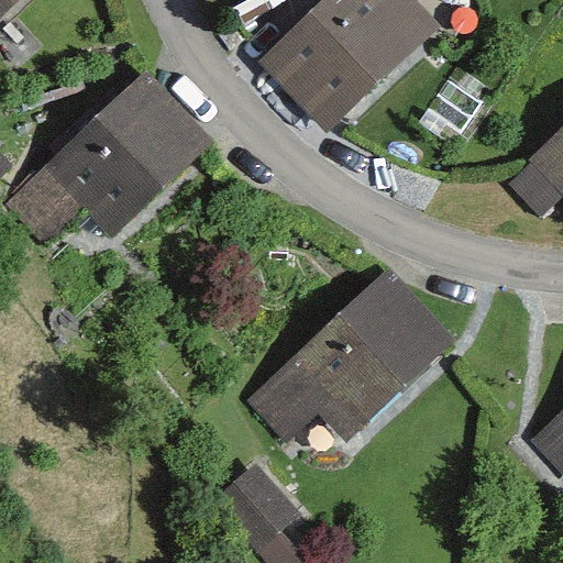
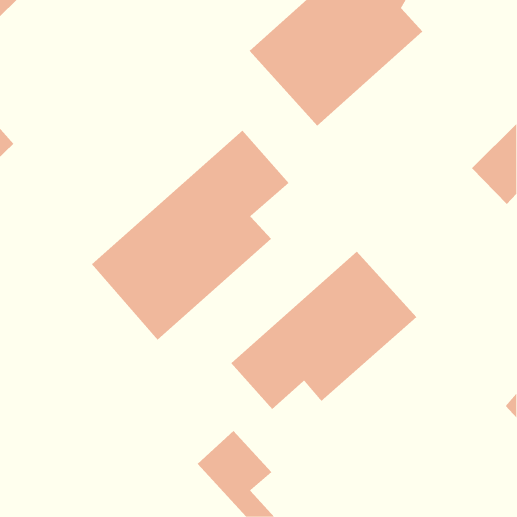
building: [8,76,203,240] -> none
building: none -> [91,130,290,341]

